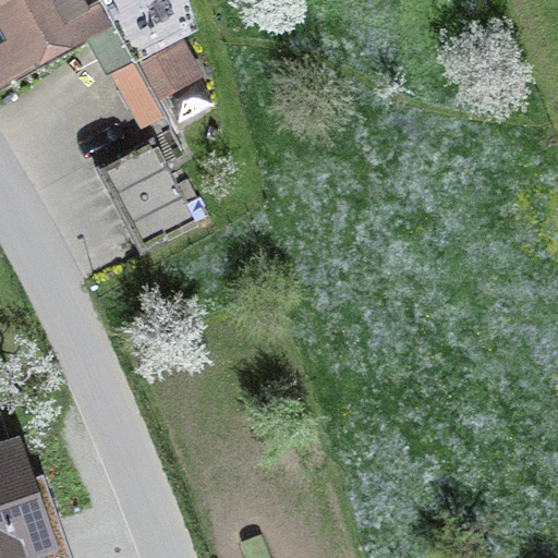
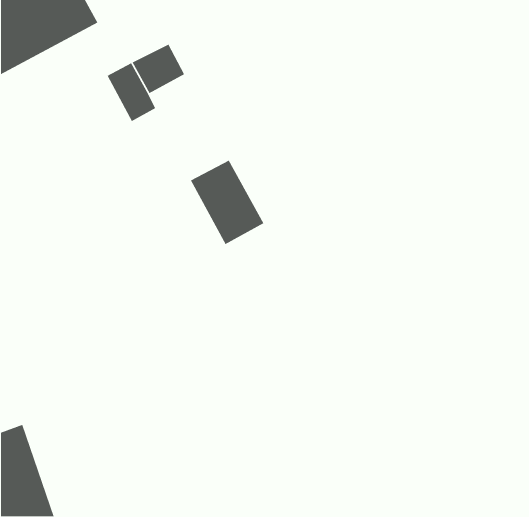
building: [102,153,181,243] -> [190,159,264,245]

